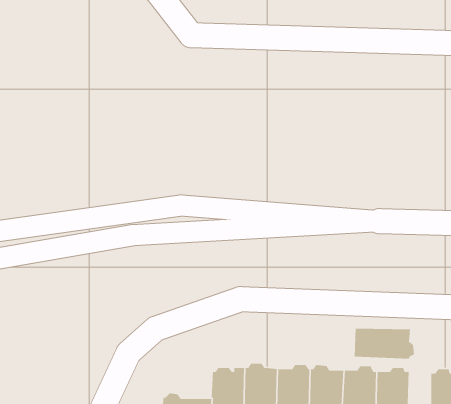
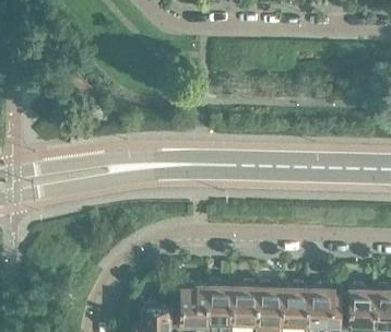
building: [354,328,415,360] -> none

